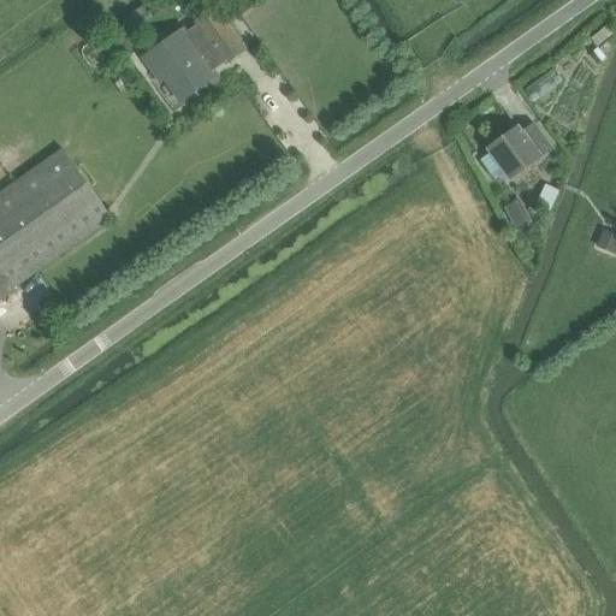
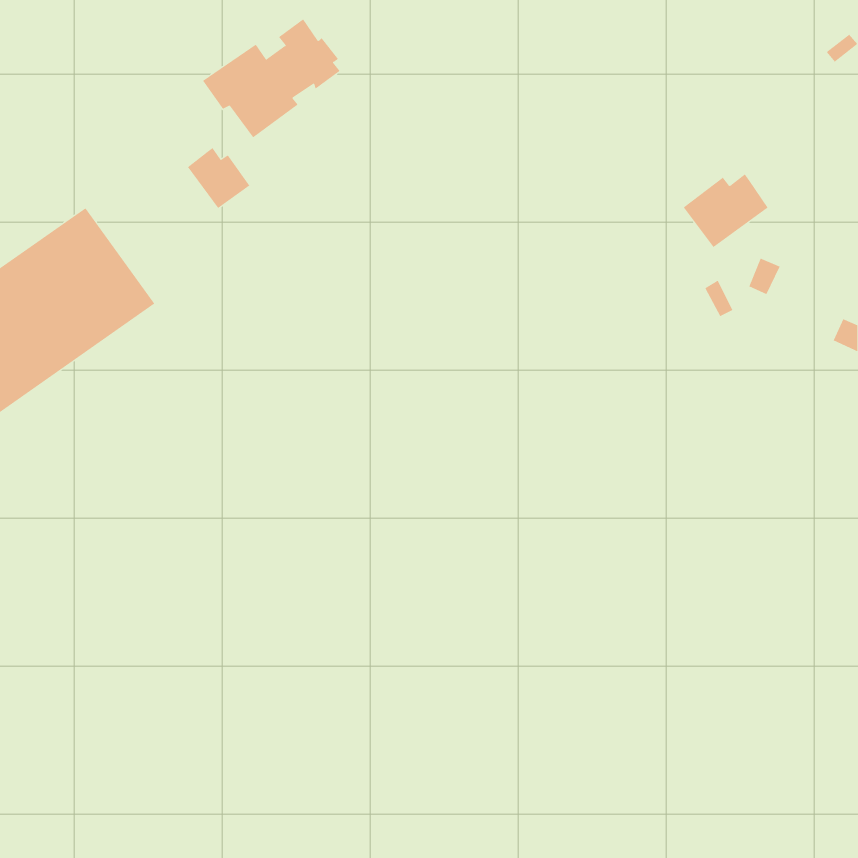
building: none -> [187,147,250,209]

